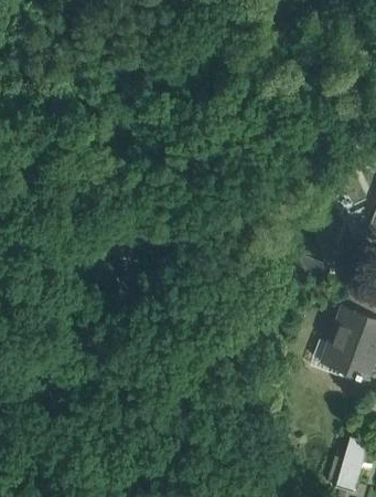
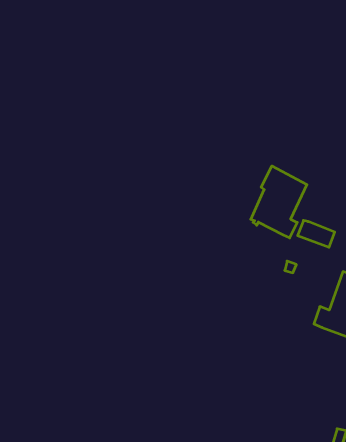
building: none -> [251,166,307,238]

